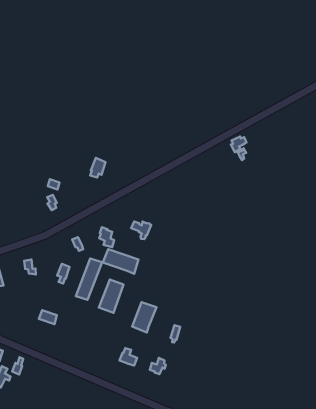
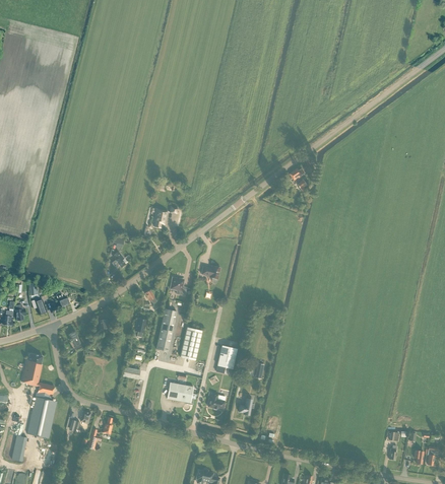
building: [103,249,139,274] -> none
building: none -> [167,382,195,404]

